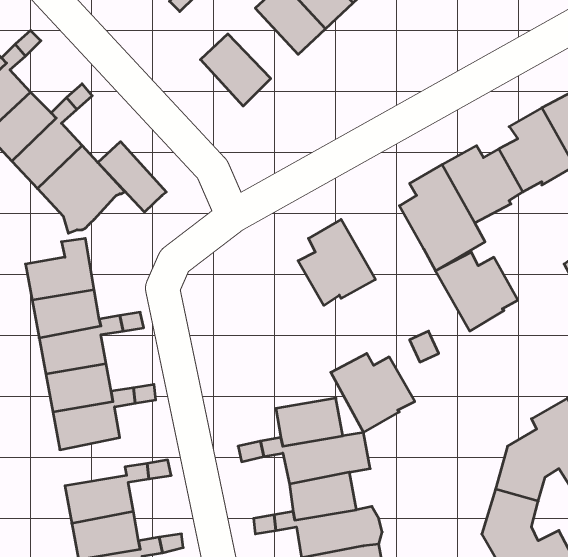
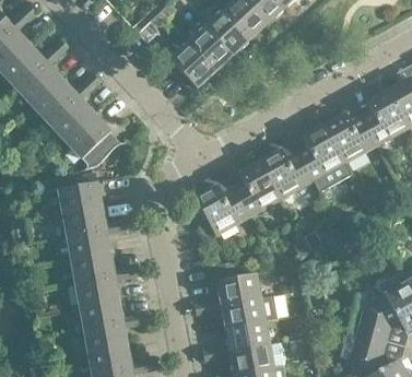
building: none -> [187,25,232,70]
building: [98,142,166,212] -> none
building: [435,252,518,331] -> [259,148,311,198]
building: [331,353,415,432] -> [195,184,248,234]
building: none -> [80,298,122,329]

